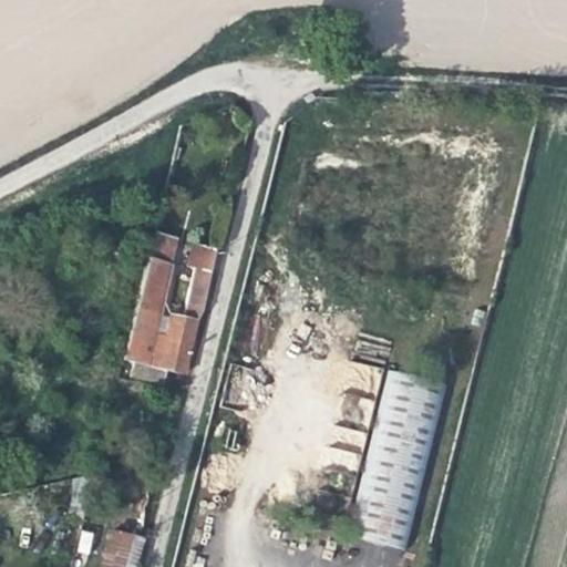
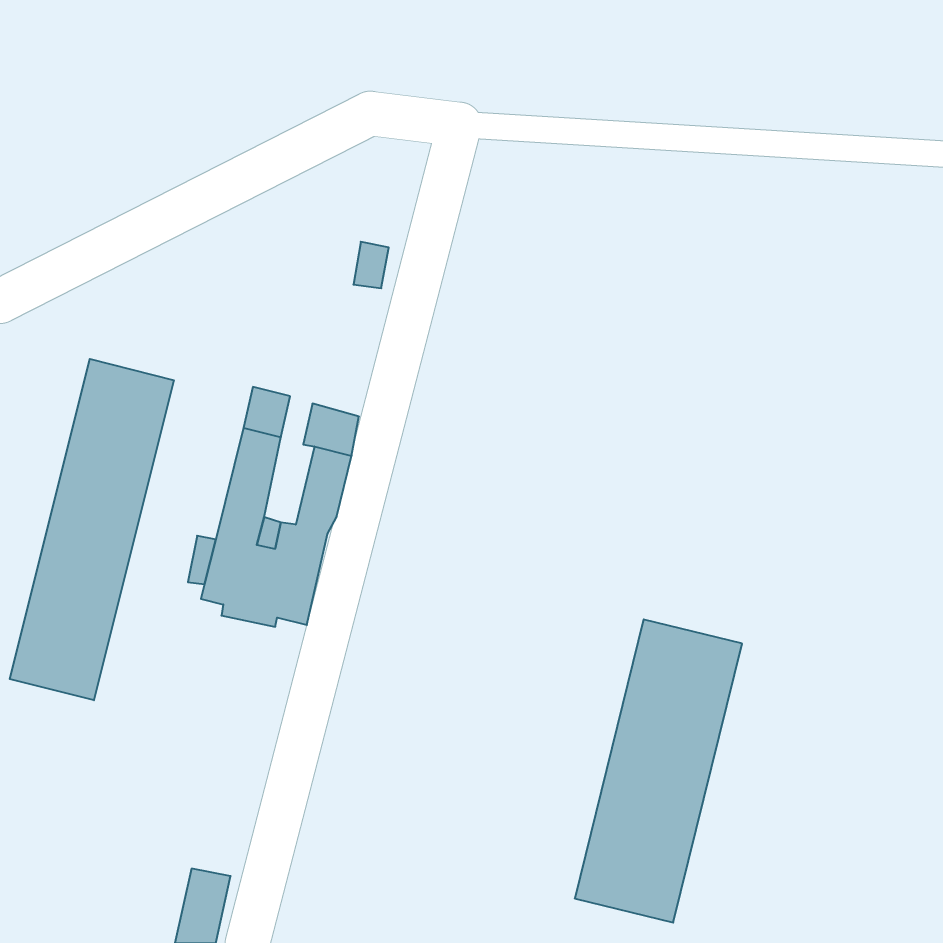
building: none -> [10,359,174,700]

